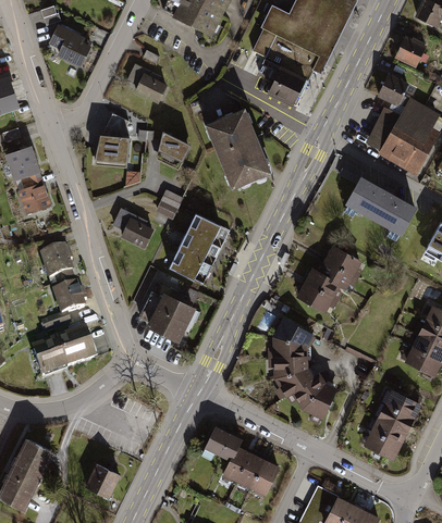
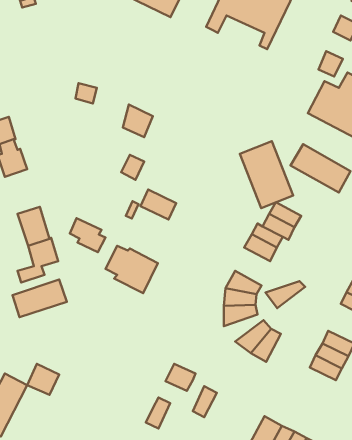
building: [49,26,90,69] -> none
building: [258,35,318,103] -> none
building: [127,64,169,104] -> none
building: [208,109,268,184] -> [240,141,293,208]
building: [96,136,133,171] -> none
building: [113,210,154,248] -> [70,218,106,252]
building: [187,212,229,246] -> none
building: [169,249,210,283] -> none
building: [272,371,317,401] -> [266,281,305,308]
building: [363,431,398,459] -> none
building: [223,445,250,480] -> [146,397,170,428]
building: [250,459,279,494] -> none
building: [86,465,122,500] -> [27,364,59,395]

